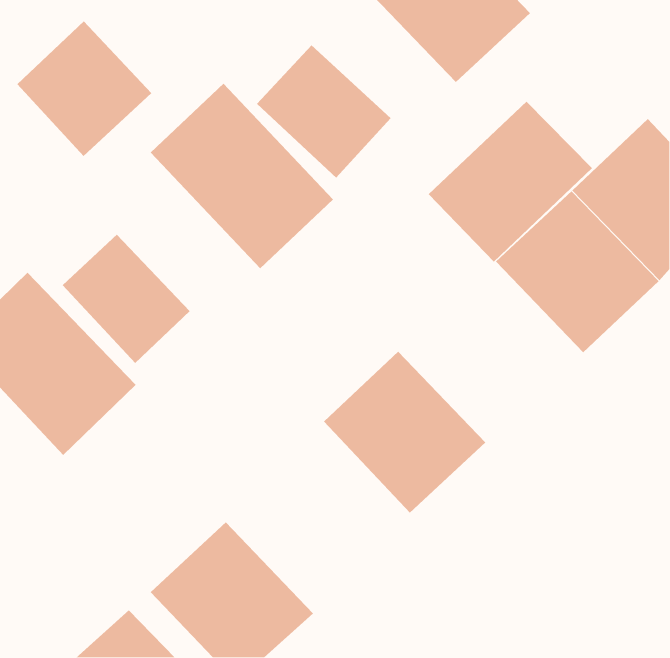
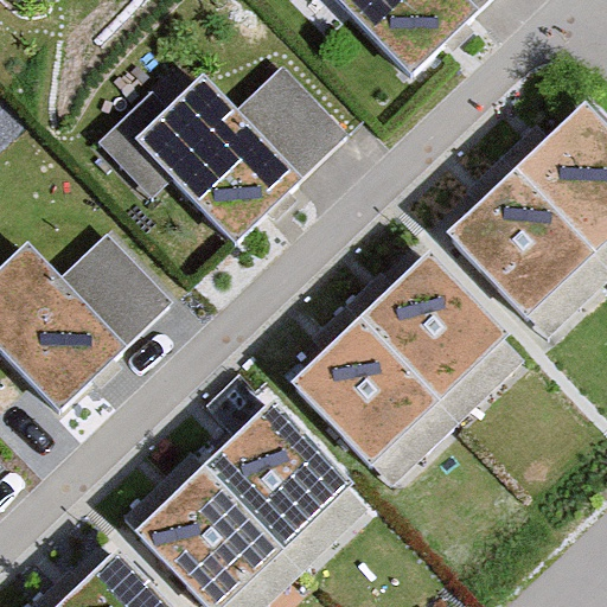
building: [16,20,152,157] -> none
building: [428,101,593,263] -> none
building: none -> [359,251,507,400]
building: none -> [204,405,352,554]

